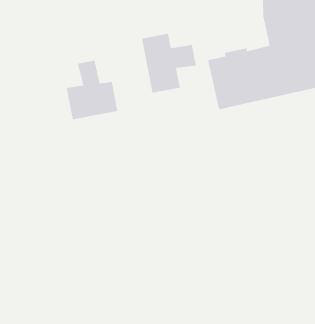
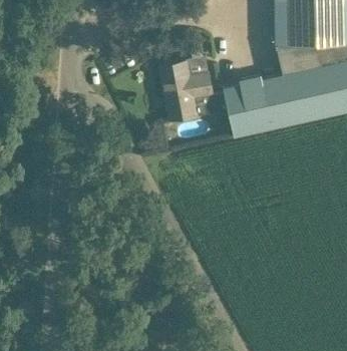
building: [66,60,118,120] -> none

